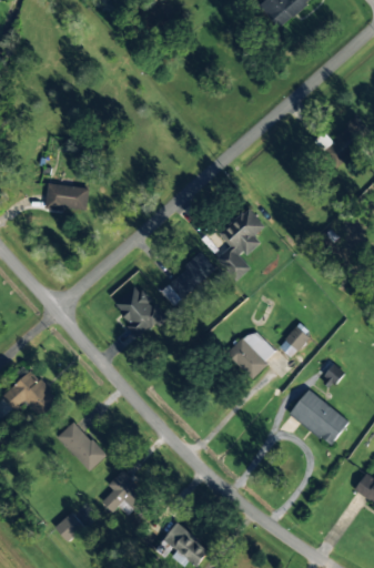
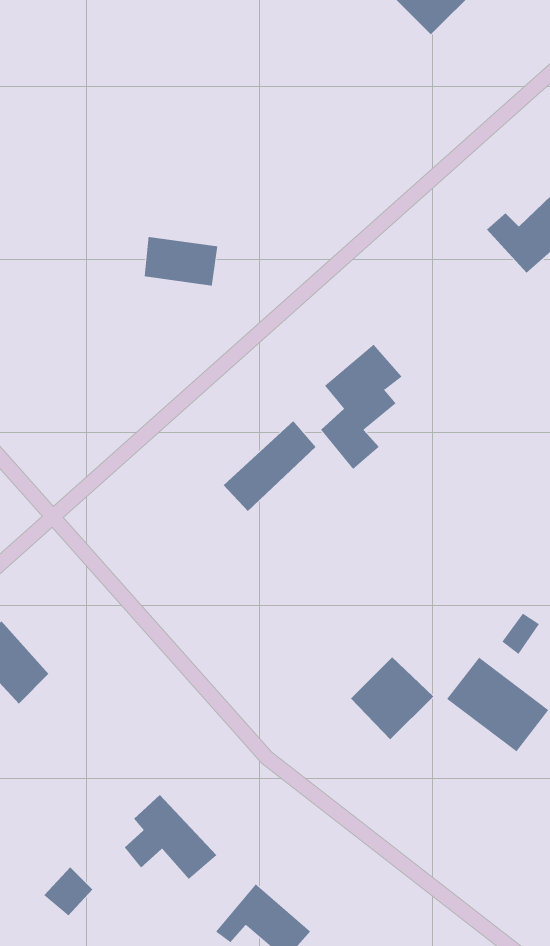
building: [44,182,88,211] -> [144,236,218,286]
building: [111,284,163,336] -> none
building: [279,325,310,357] -> none
building: [226,328,275,377] -> [350,656,434,740]
building: [55,420,105,469] -> none

